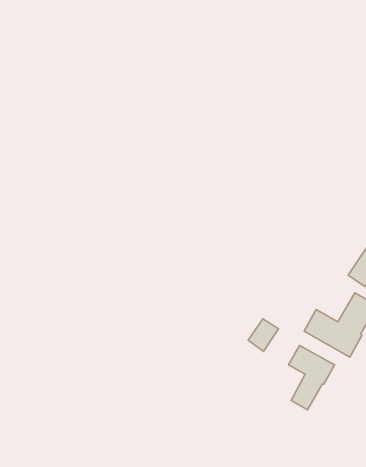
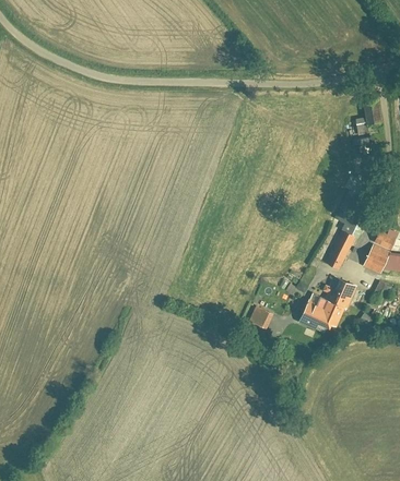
building: [289,346,334,410] -> none

